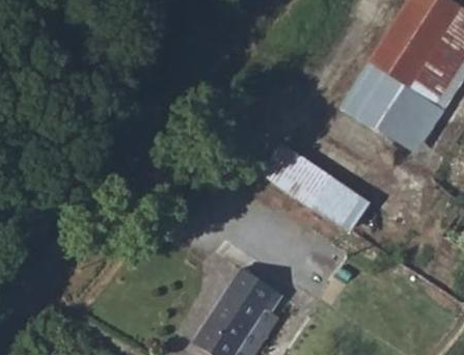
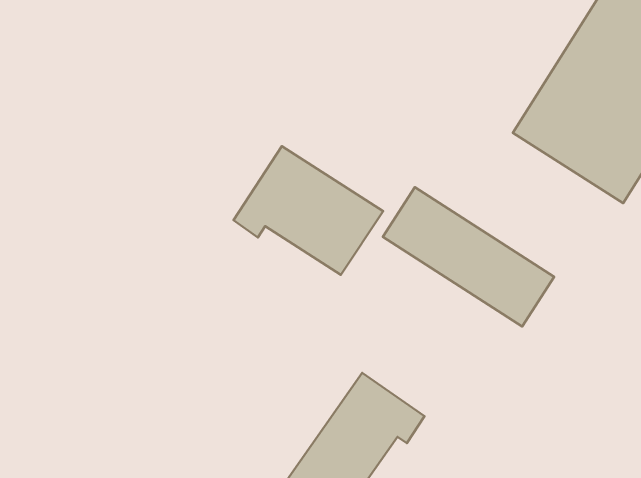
building: none -> [233,146,383,275]

